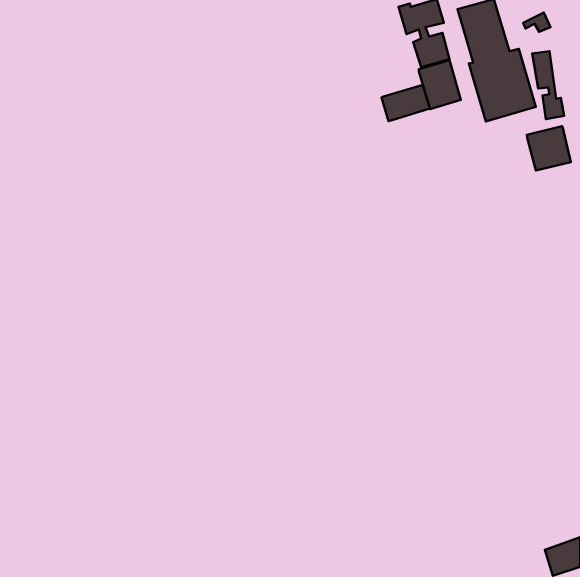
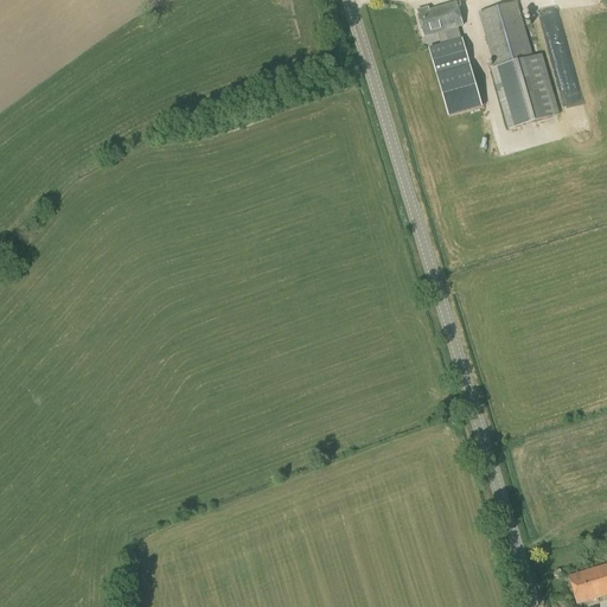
building: [382,85,430,121] -> none
building: [527,126,571,171] -> none

